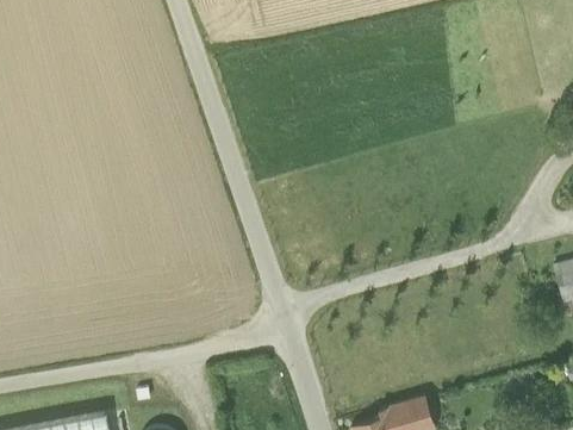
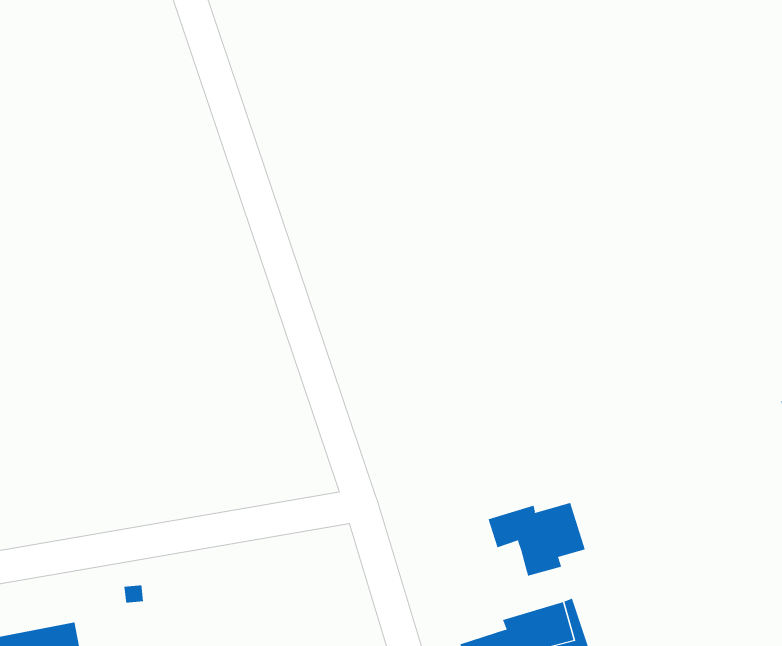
building: none -> [488,502,585,577]

